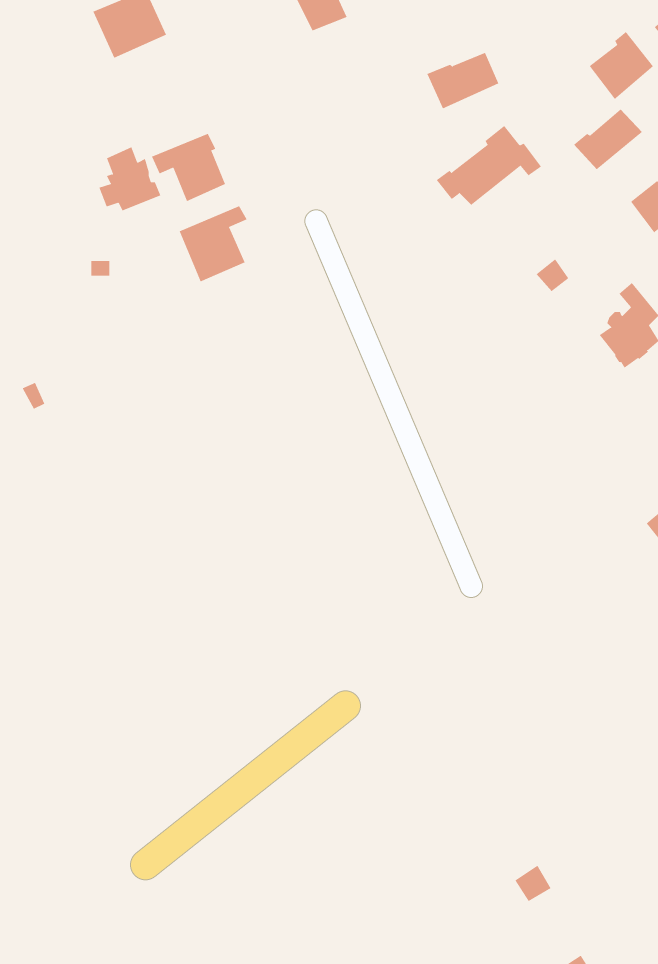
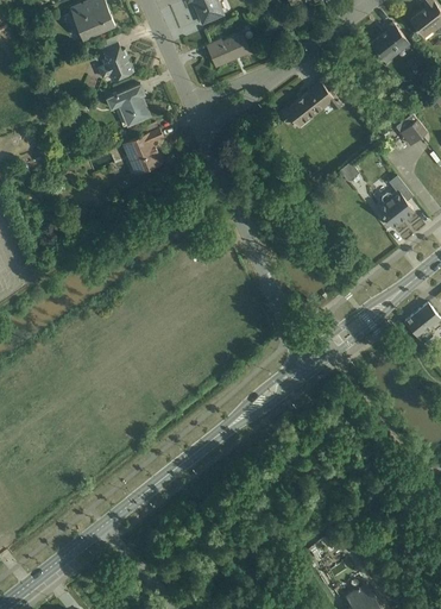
building: [427,52,499,109] -> [206,32,250,67]
building: [573,108,643,170] -> none
building: [98,146,161,211] -> [96,42,134,81]

